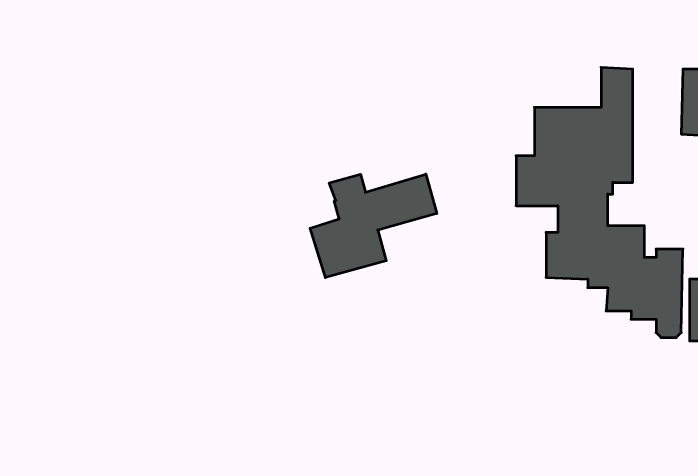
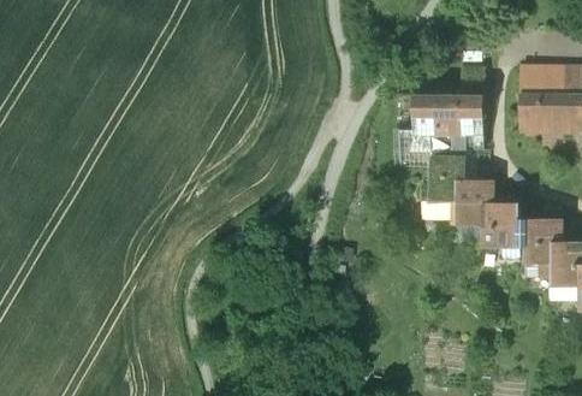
building: [310,174,437,278] -> none

